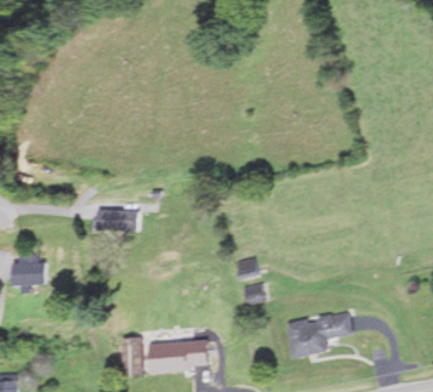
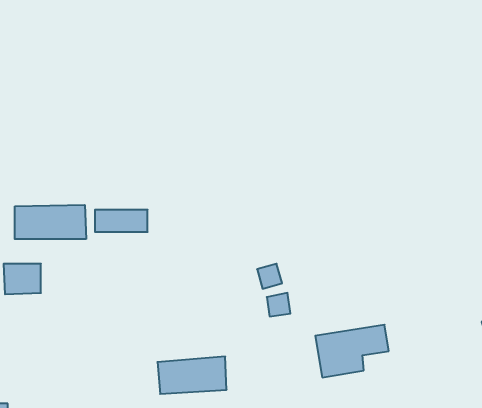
building: none -> [15,205,86,239]
building: [118,337,143,377] -> none

